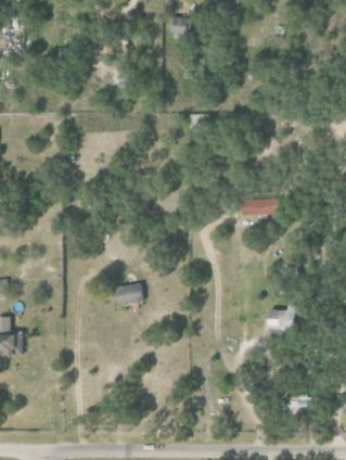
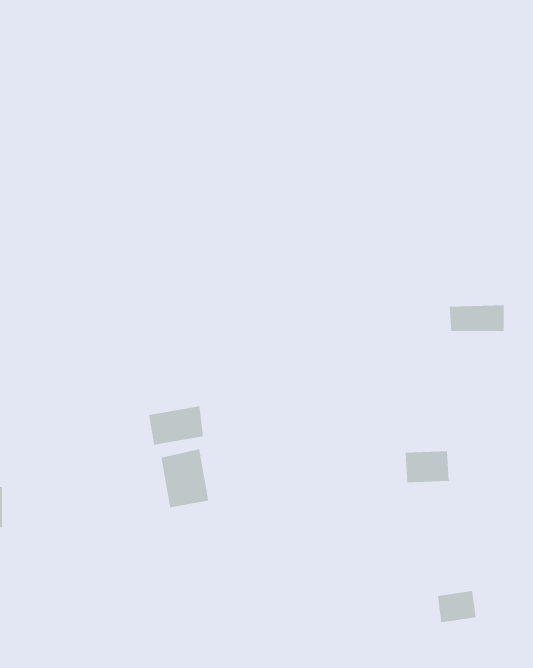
building: [241,199,274,215] -> [449,305,504,332]
building: none -> [161,448,209,508]

